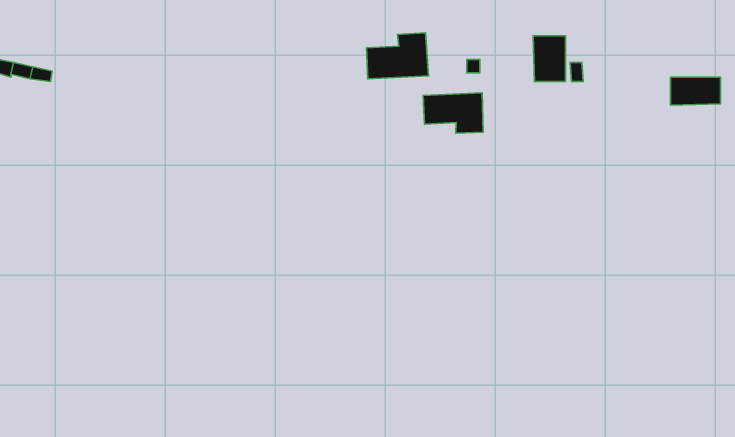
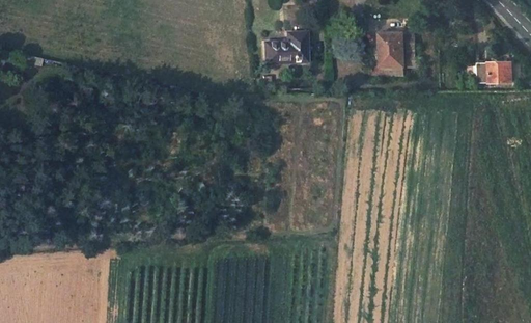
building: [423,93,483,133] -> none

